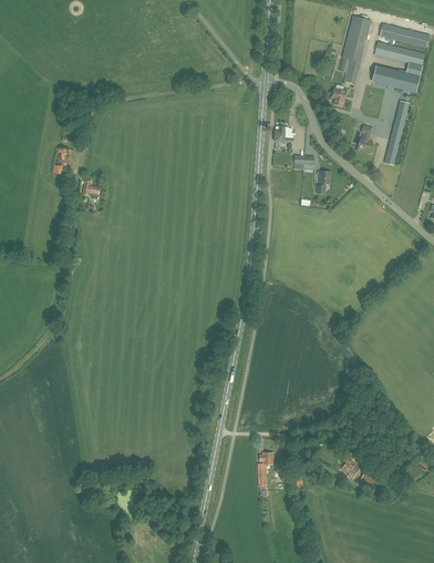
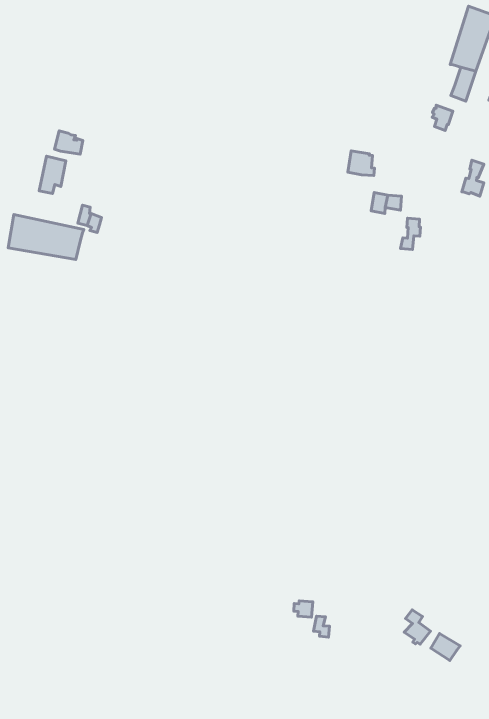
building: none -> [8,215,84,259]

